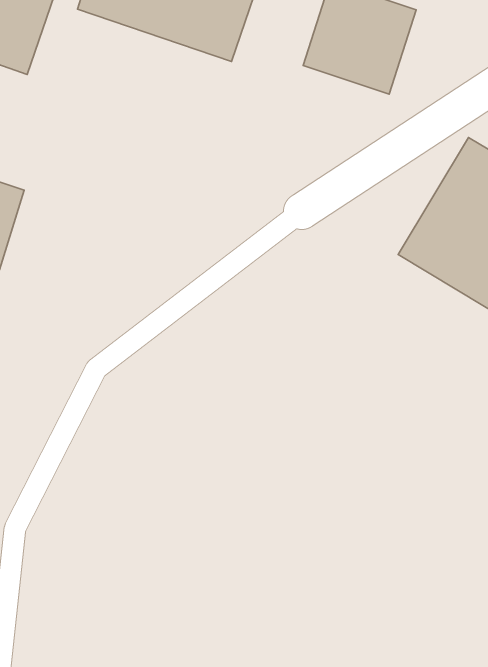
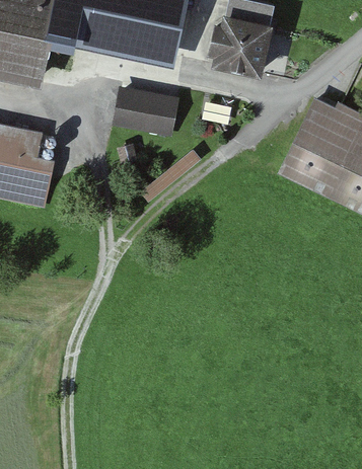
building: none -> [107,84,174,136]

